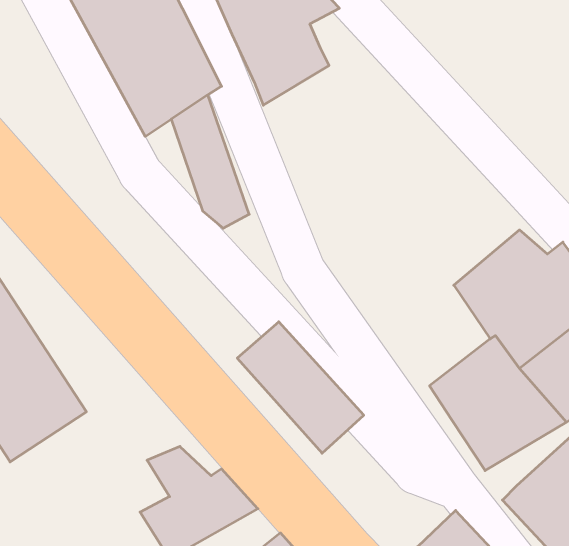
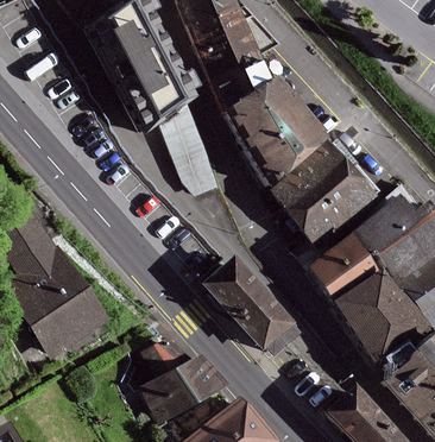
building: none -> [223,80,326,184]
building: none -> [273,145,374,241]
building: none -> [315,234,379,303]

